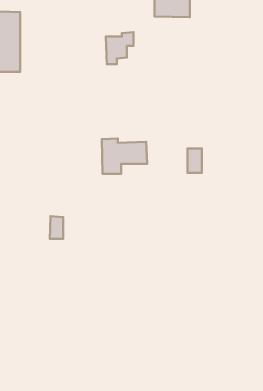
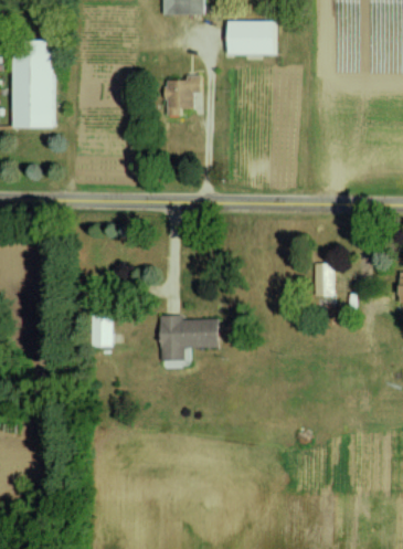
building: [102,138,147,174] -> [159,315,219,361]
building: [187,148,202,173] -> [312,264,331,296]

